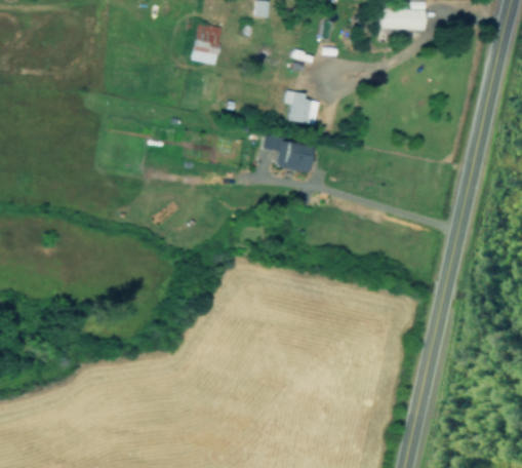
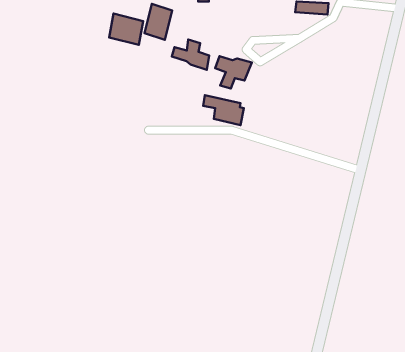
building: none -> [109,14,143,45]
building: none -> [172,40,209,70]

